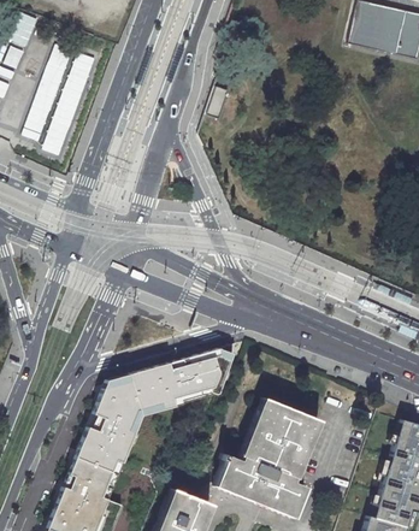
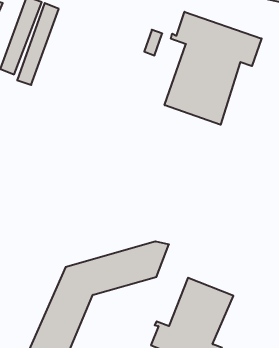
building: none -> [165,12,262,125]

